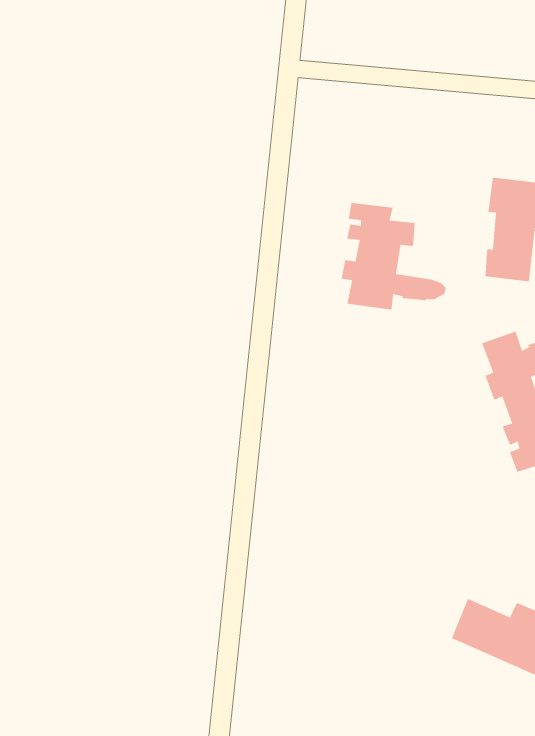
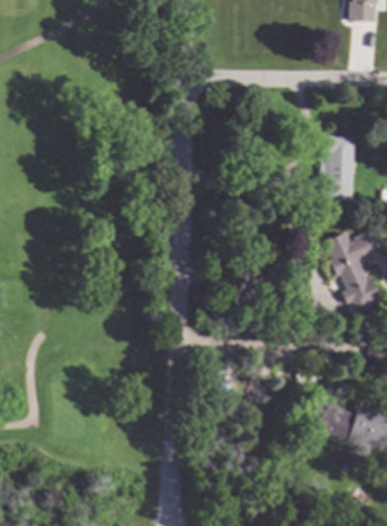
building: [341,202,447,310] -> none

